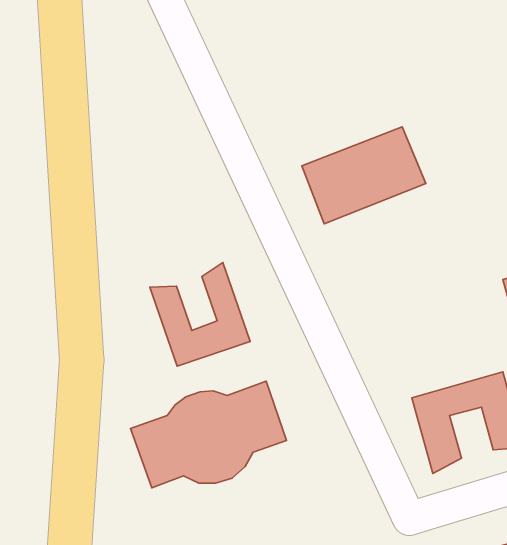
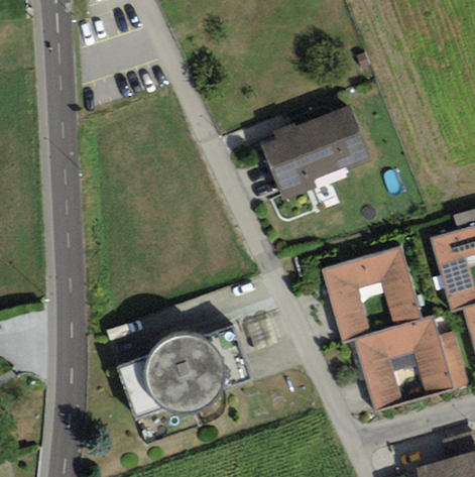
building: [150,262,250,366] -> none
building: none -> [324,249,420,336]

